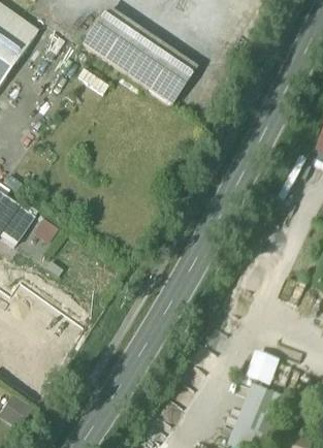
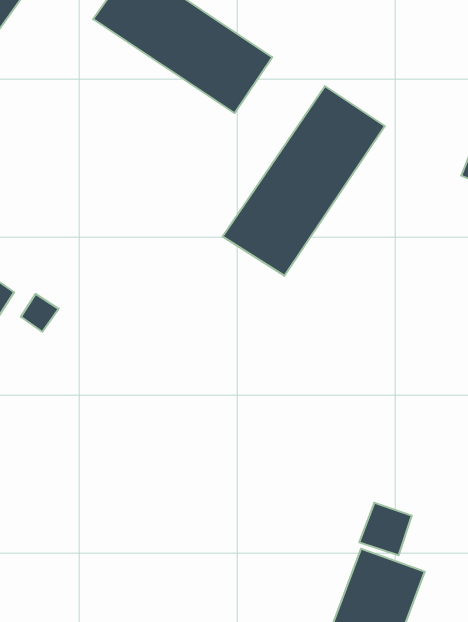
building: none -> [223,86,385,276]

